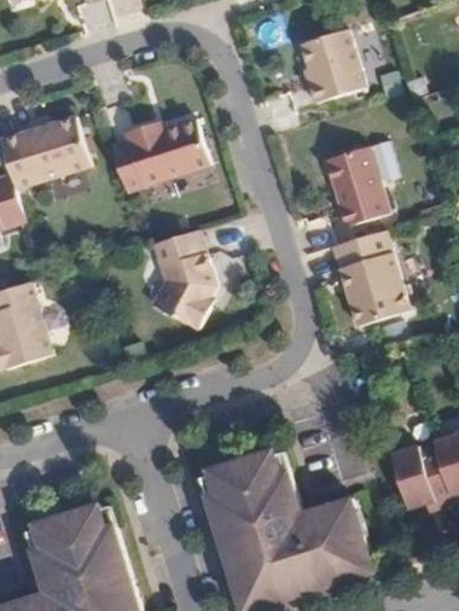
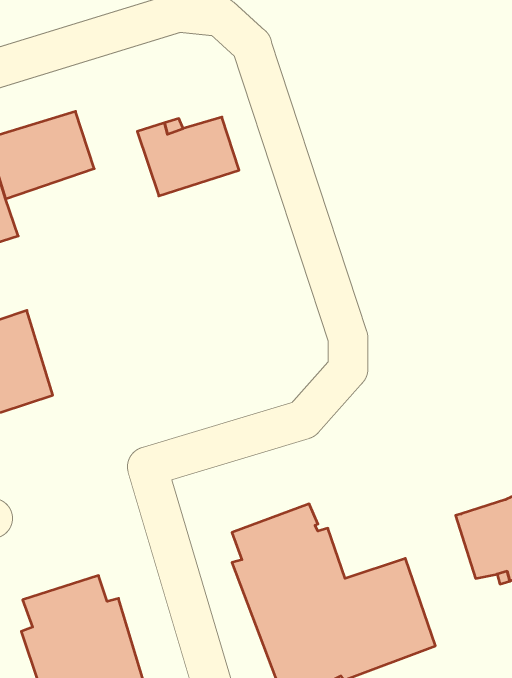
building: [300,28,366,103] -> none
building: [326,145,391,226] -> none
building: [332,228,412,325] -> none
building: [150,231,214,330] -> none

